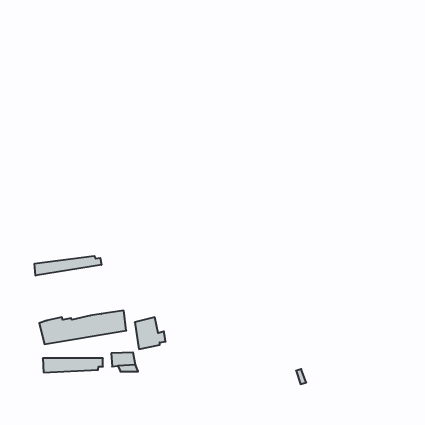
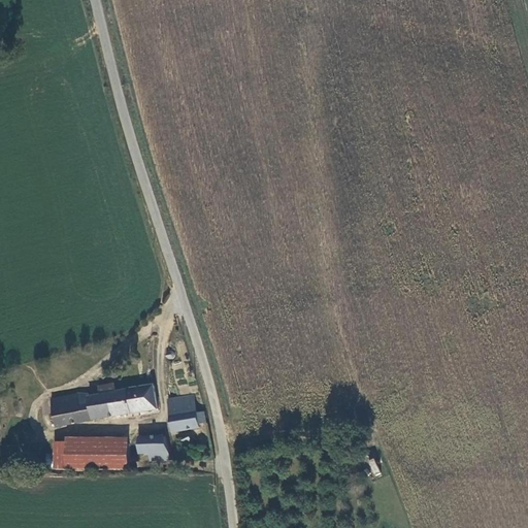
building: [35,256,101,276] -> none
building: none -> [54,453,127,467]

